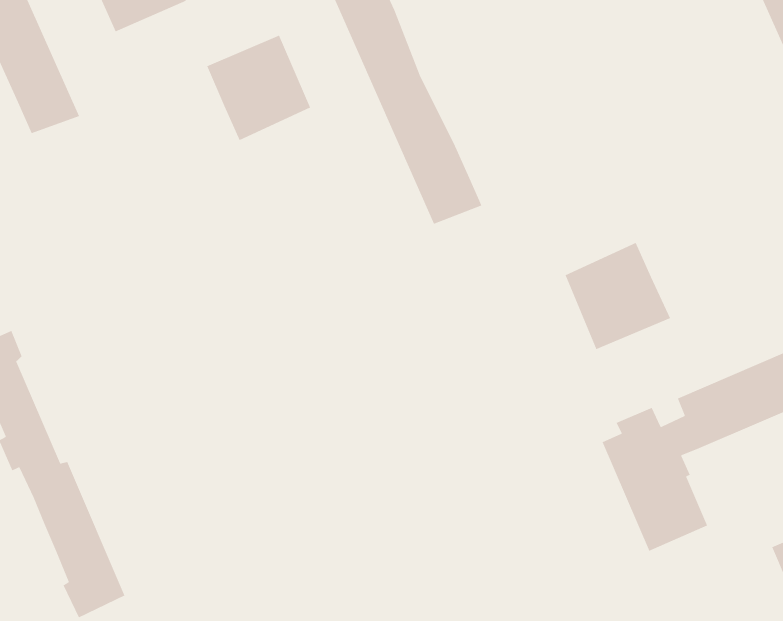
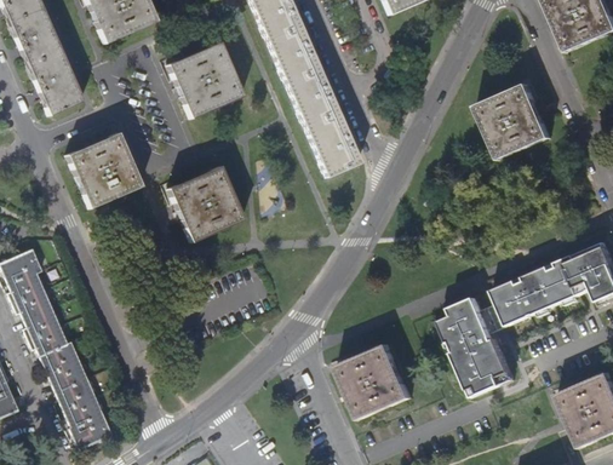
building: none -> [64,128,139,203]
building: none -> [166,162,241,237]
building: [564,242,671,350] -> [477,85,551,160]
building: none -> [338,344,411,418]

